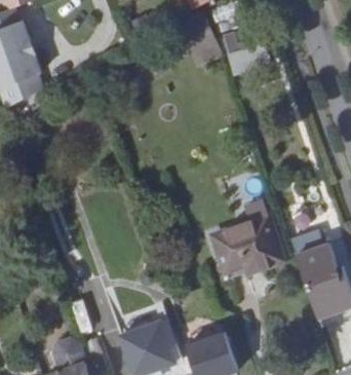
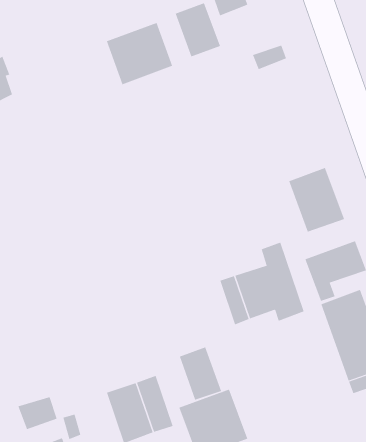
building: none -> [106,22,173,85]
building: none -> [289,167,345,233]
building: none -> [179,346,222,401]

